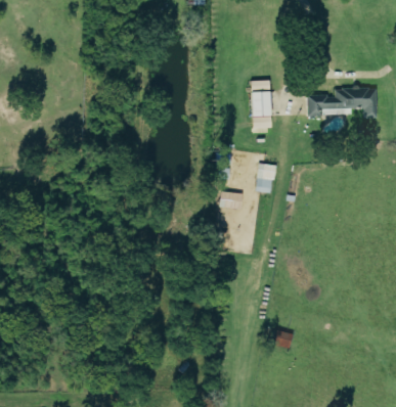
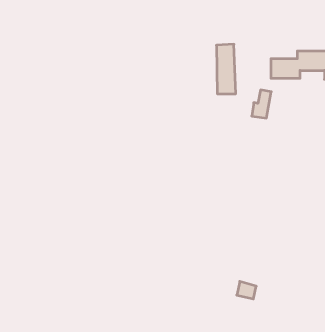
building: [256,164,276,193] -> [252,90,271,118]

